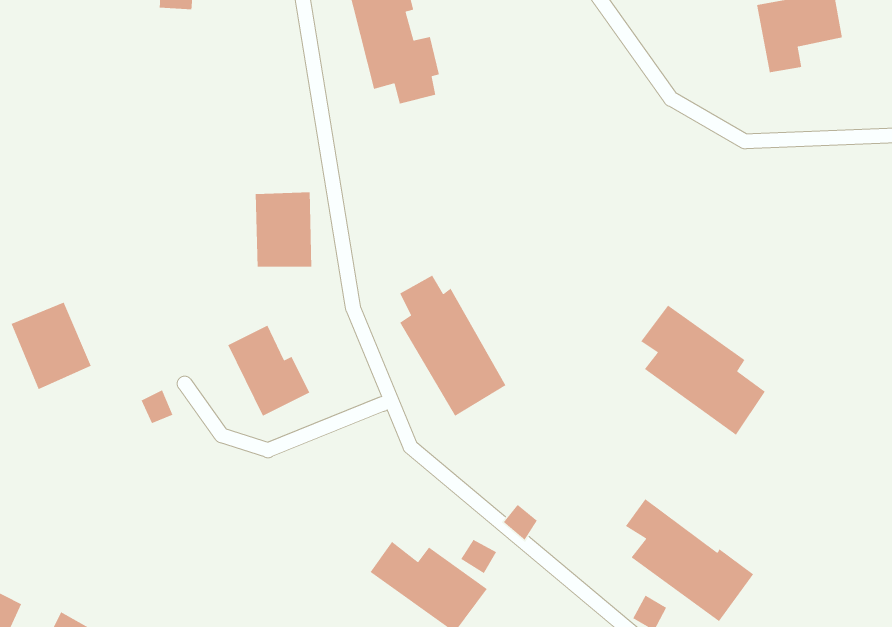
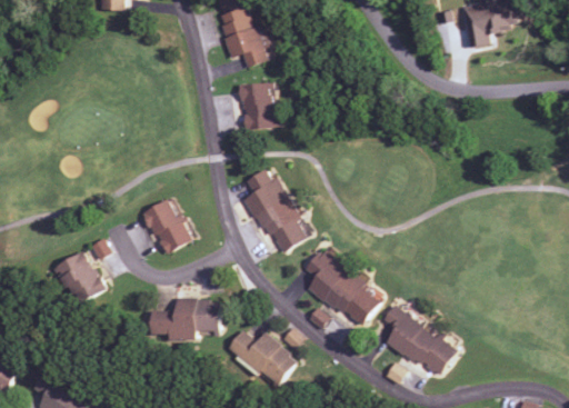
building: [255,192,312,267] -> [240,82,274,128]
building: [10,301,92,390] -> [53,251,102,305]
building: [640,304,766,436] -> [303,248,379,327]
building: none -> [149,298,219,339]

